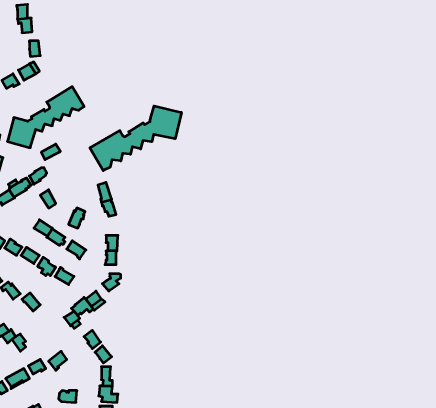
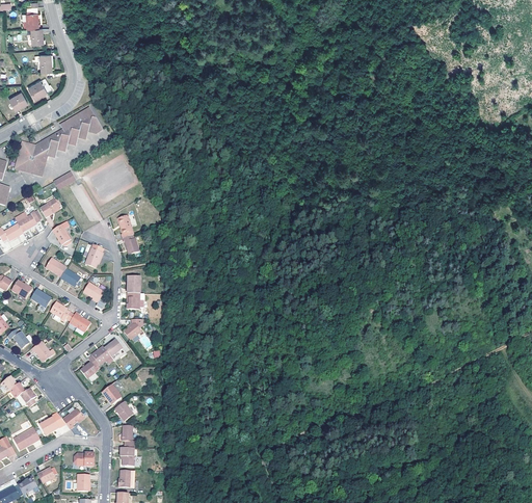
building: [90,106,181,171] -> none

